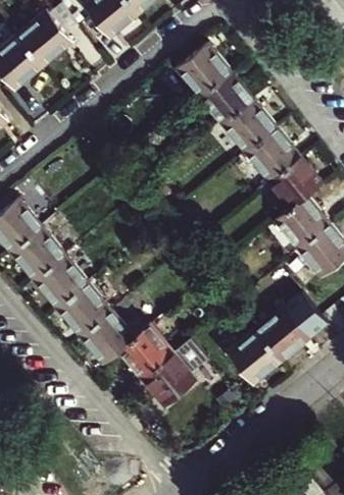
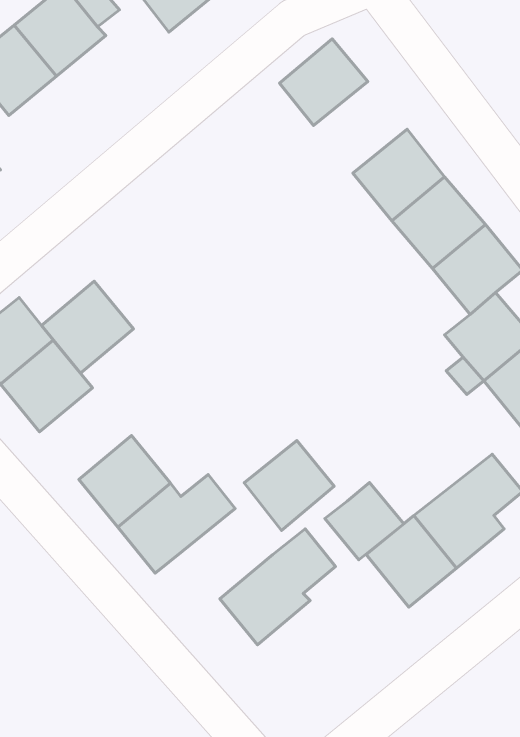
building: [197,69,253,124] -> none
building: [33,253,88,308] -> [41,281,133,373]
building: none -> [325,482,404,560]
building: [118,325,173,379] -> [244,440,334,531]

